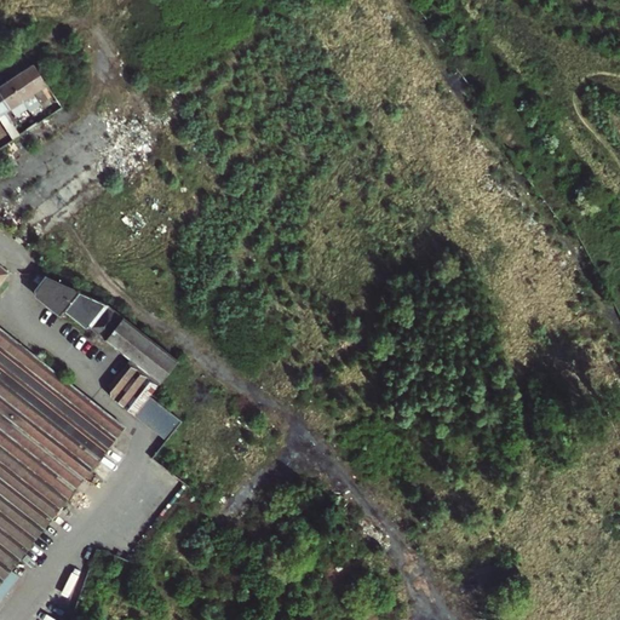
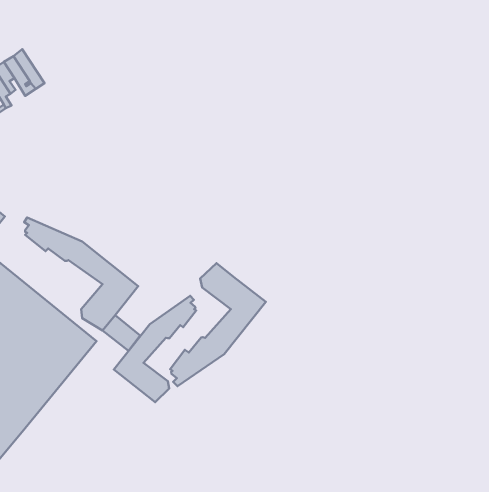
building: none -> [170,263,266,386]
building: none -> [114,296,196,402]

